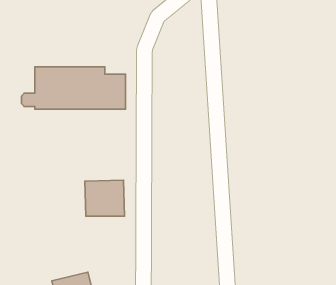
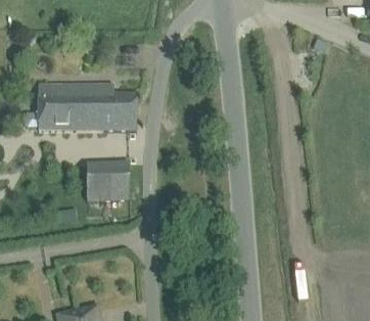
building: [85,180,125,216] -> [86,161,129,199]

